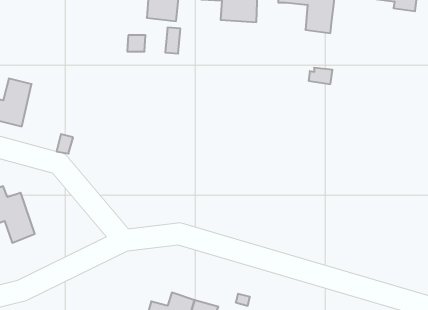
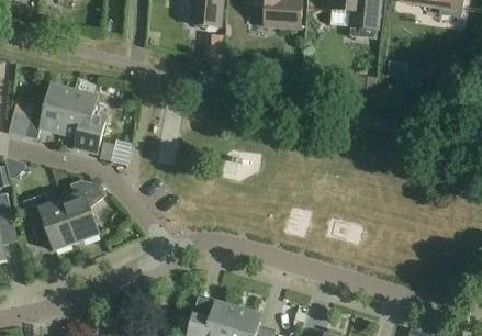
building: none -> [63,90,104,154]
building: none -> [61,180,105,242]

